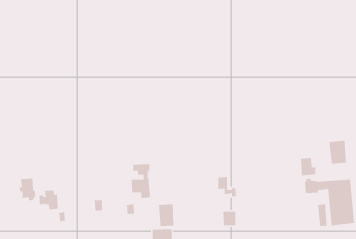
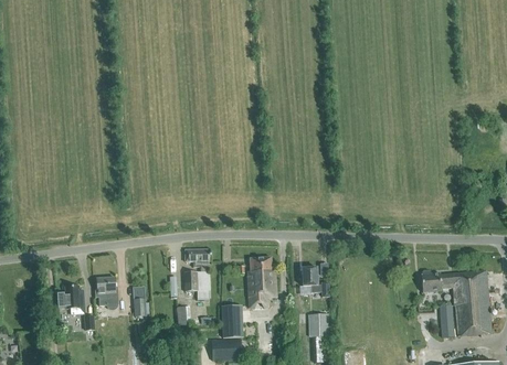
building: [329,140,347,165] -> none
building: [300,157,316,176] -> none
building: none -> [246,257,275,307]
building: [19,178,36,201] -> [93,277,117,309]

